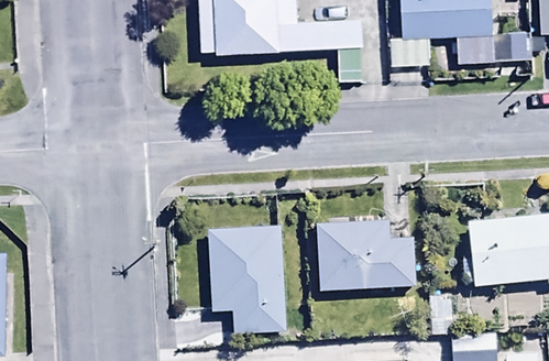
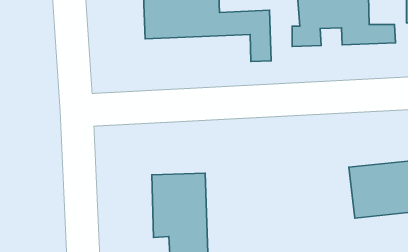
building: [317,216,417,291] -> none

